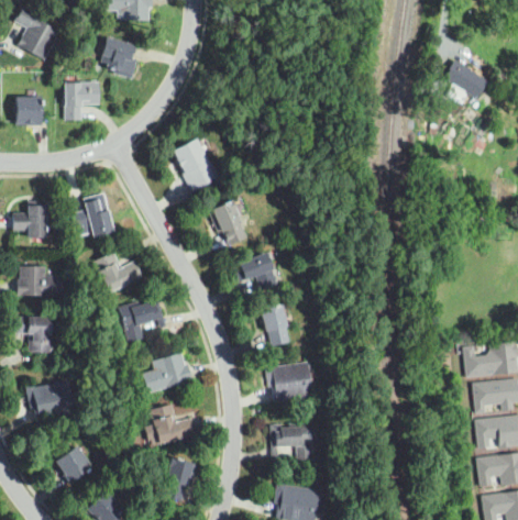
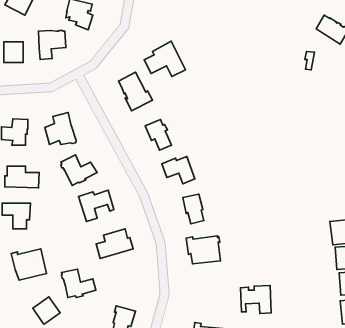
building: none -> [144,41,185,77]
building: [150,406,197,444] -> [61,269,96,297]
building: [271,422,312,461] -> [241,285,271,314]

